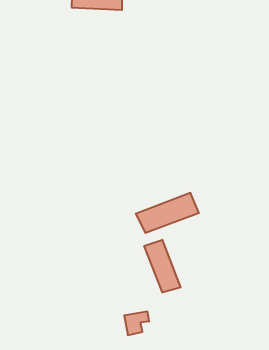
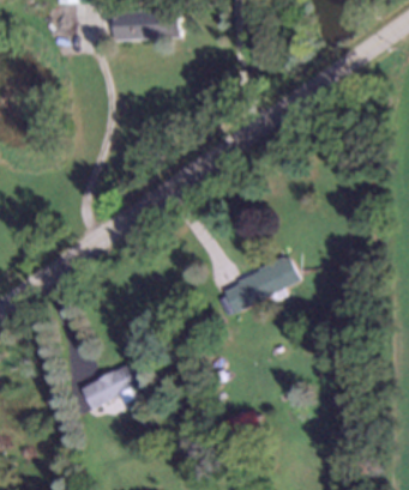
building: [144,240,181,292] -> none
building: none -> [82,355,156,410]

